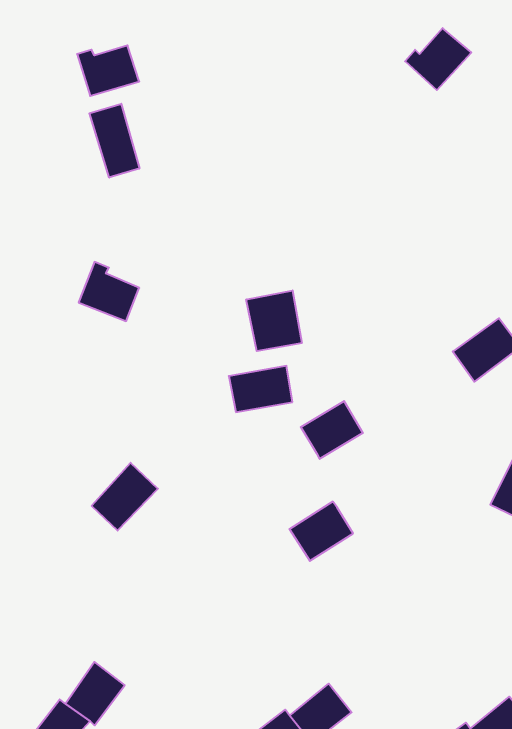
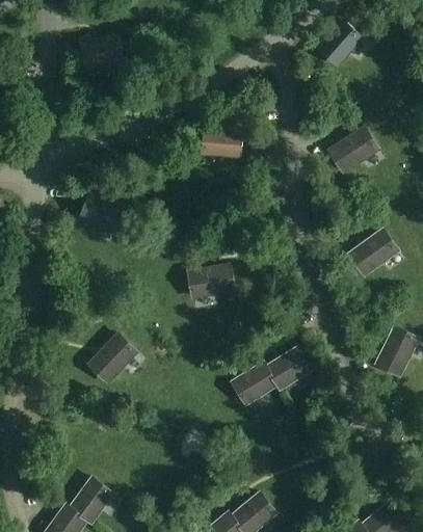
building: [89,104,139,178] -> none
building: none -> [203,126,241,158]
building: none -> [328,128,377,174]
building: [246,290,302,351] -> none
building: [301,401,363,459] -> [265,348,310,390]

